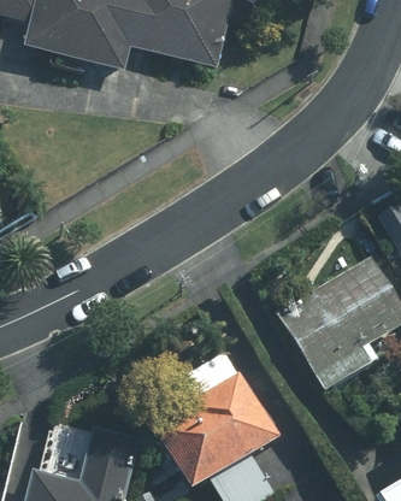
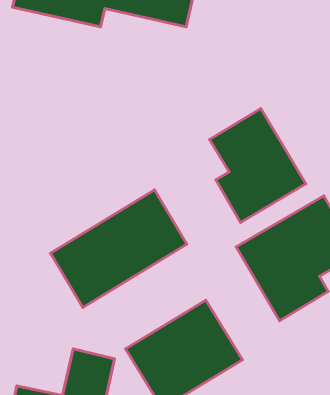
building: none -> [209,108,306,223]
building: none -> [51,190,187,308]

